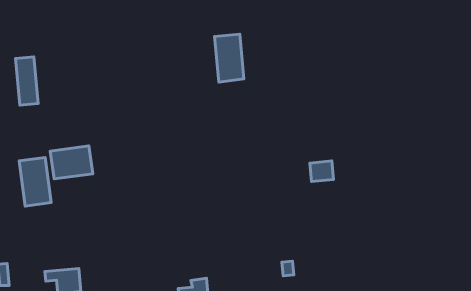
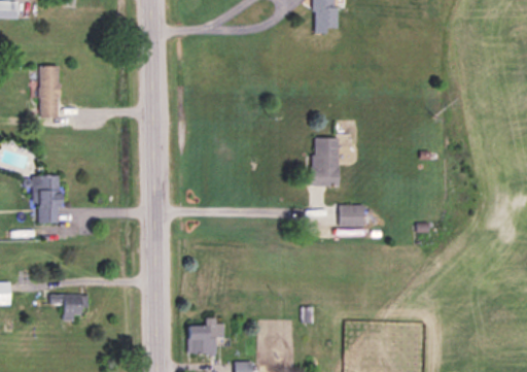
building: [215,34,244,82] -> [312,138,339,187]
building: [50,146,93,179] -> none

